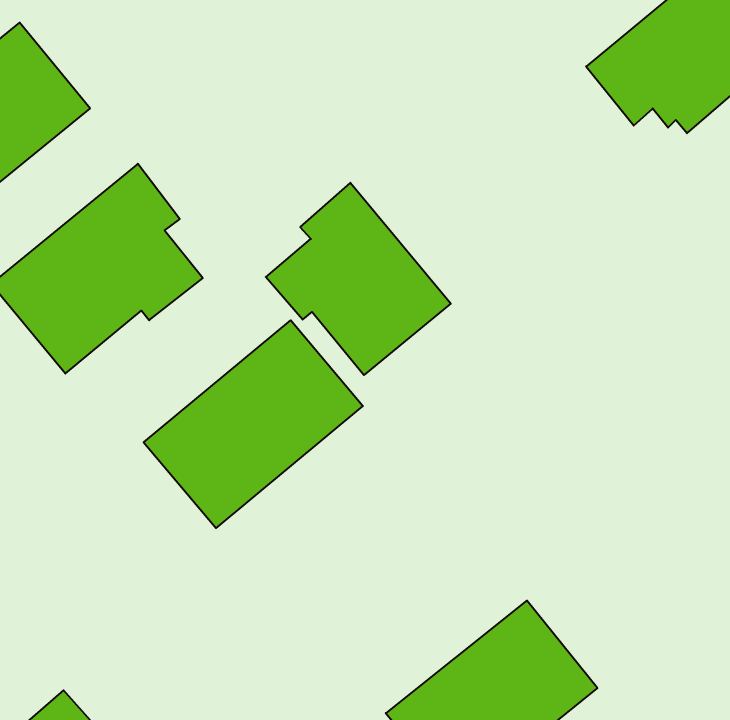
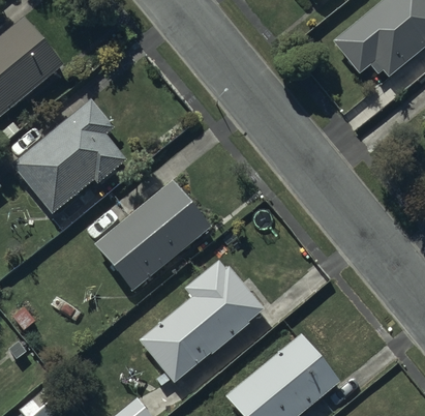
building: [266,183,451,375] -> none
building: none -> [141,259,264,382]

